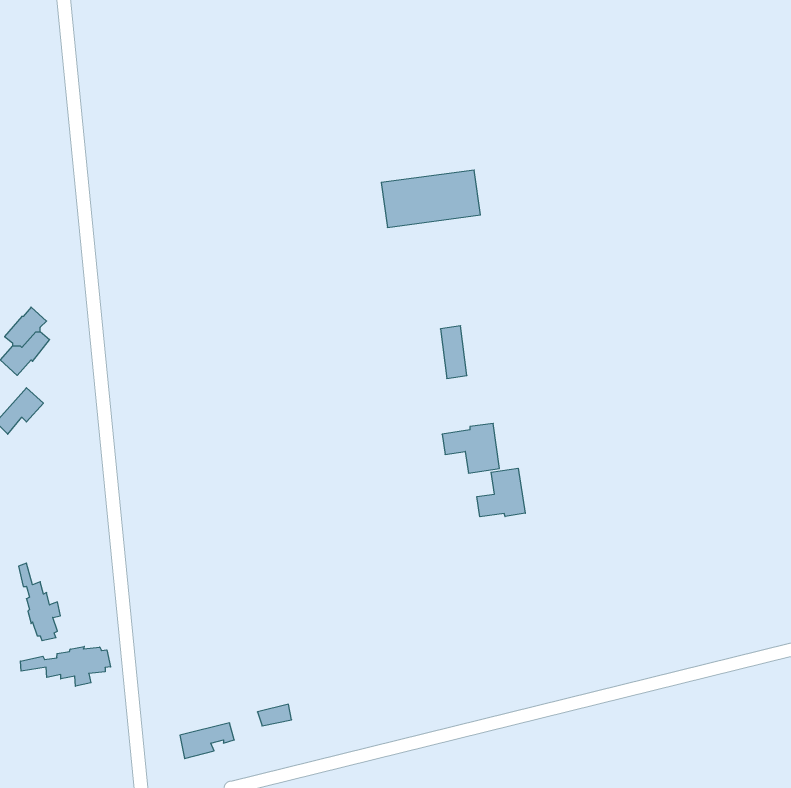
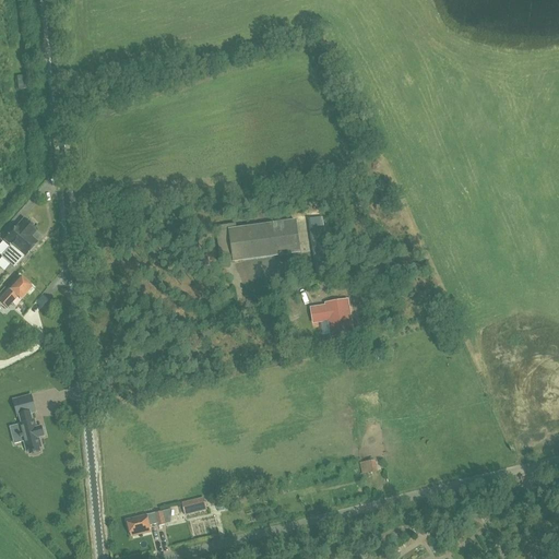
building: [381,170,480,227] -> [229,218,299,259]
building: [477,468,525,517] -> none
building: [20,646,111,686] -> none

